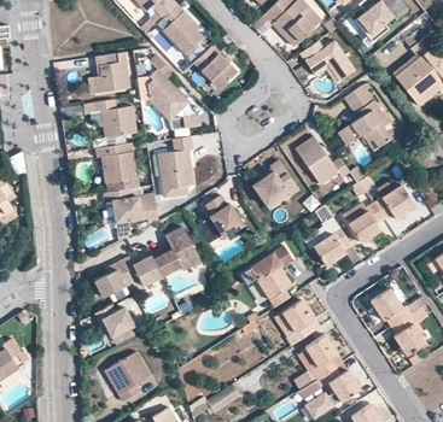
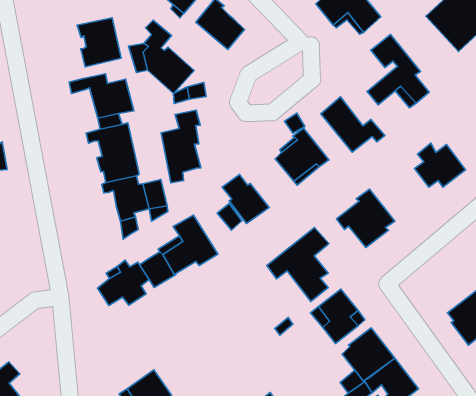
building: [344,203,384,244] -> none
building: [371,288,412,328] -> none
building: [94,307,132,339] -> none

